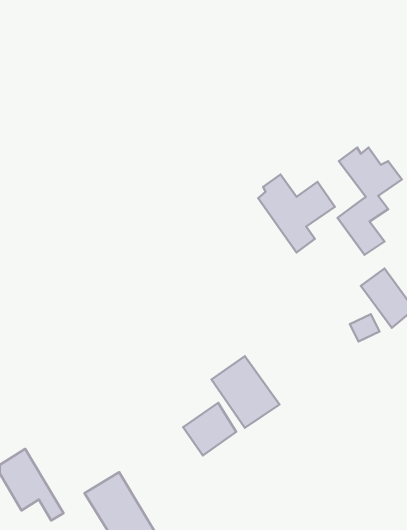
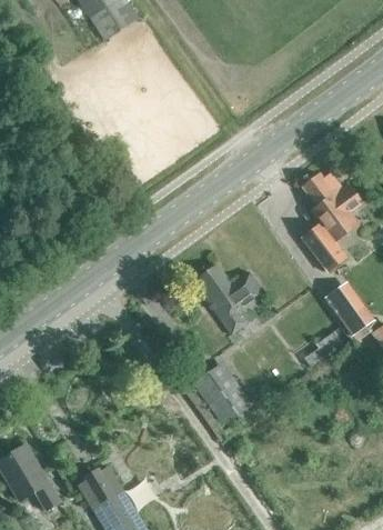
building: [258,175,335,252] -> [196,264,265,334]
building: [183,403,236,455] -> none

